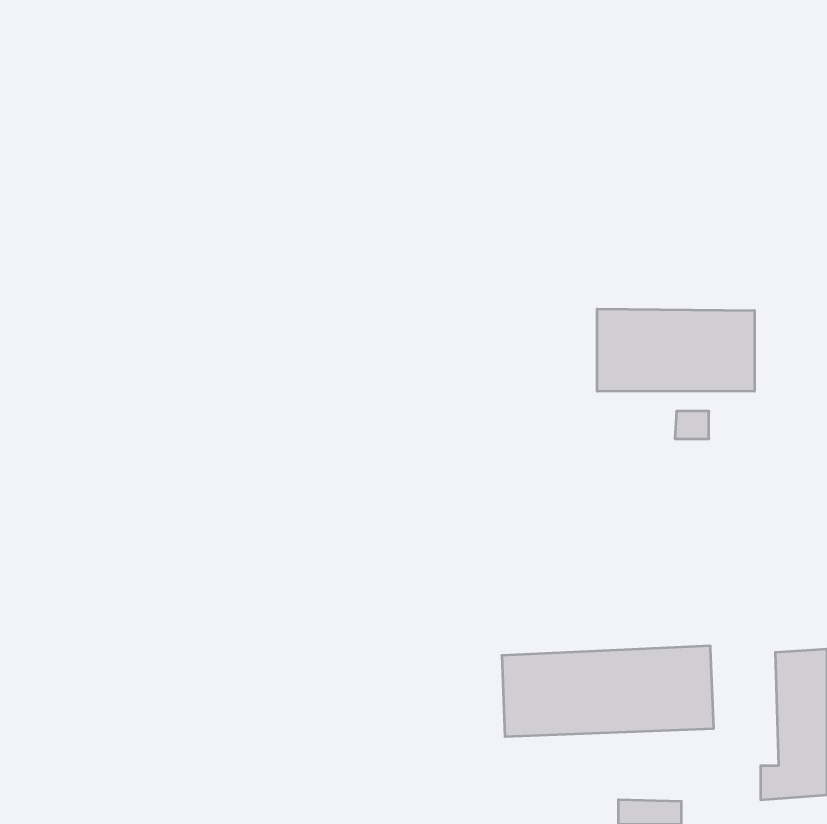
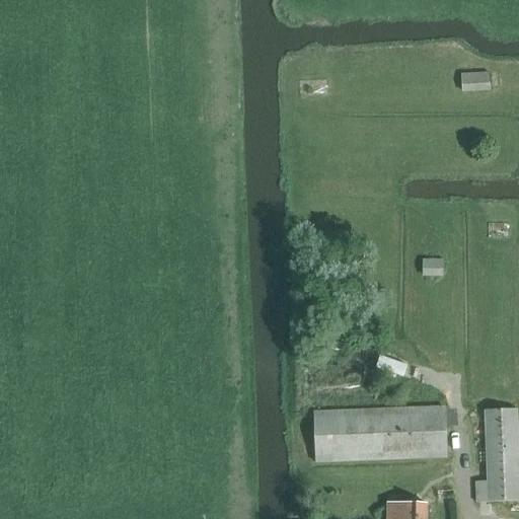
building: none -> [461,70,491,90]
building: [597,309,754,391] -> none

